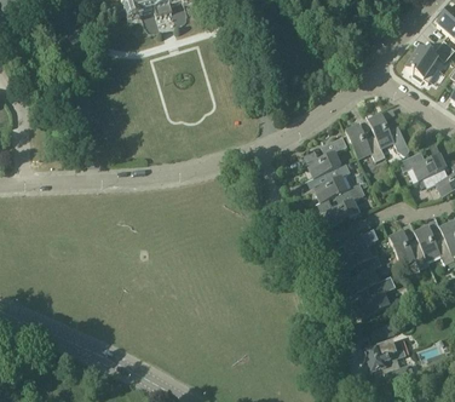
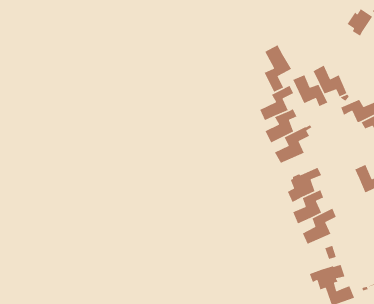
building: none -> [264,44,292,93]
building: [390,230,430,269] -> none

